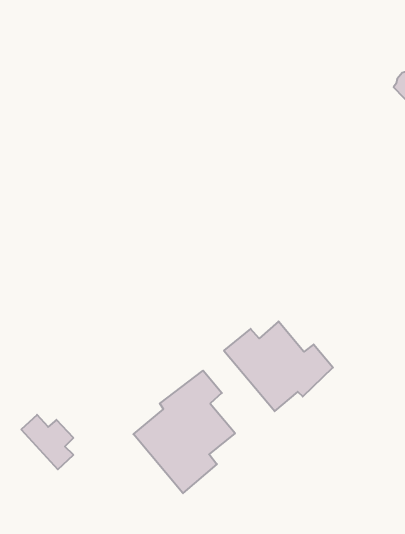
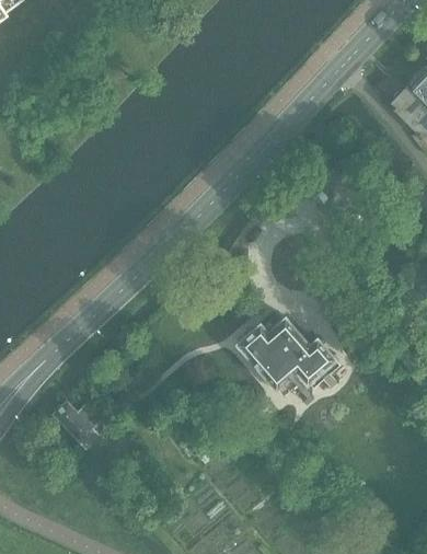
building: [133,371,235,493] -> none

